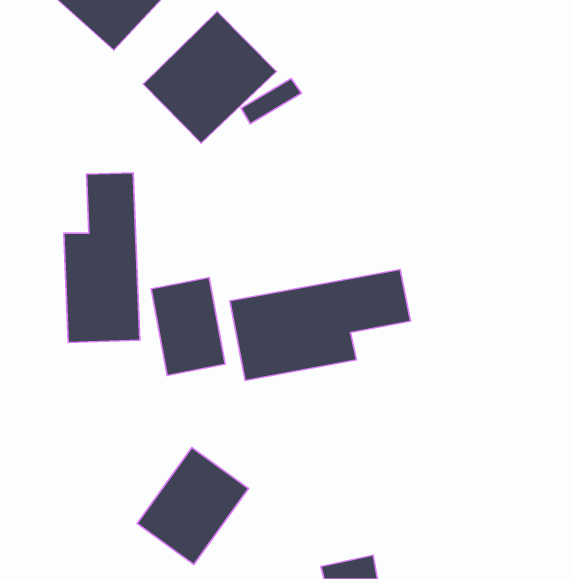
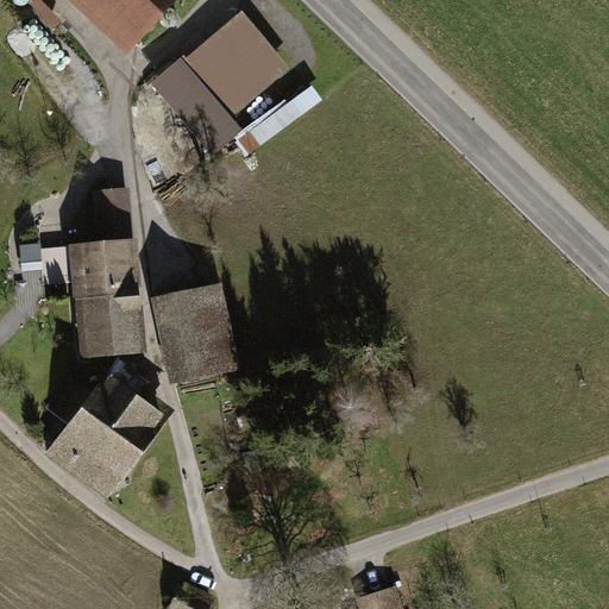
building: [230,270,411,380] -> none
building: [137,447,249,565] -> [54,371,170,494]

